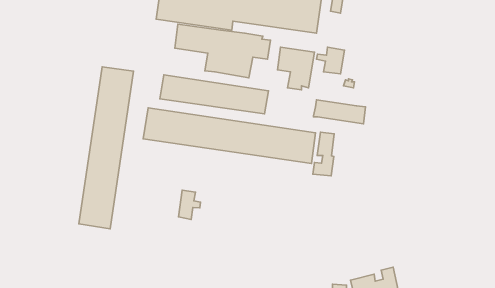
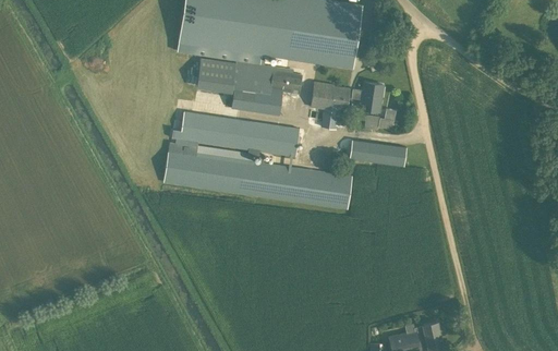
building: [79,67,133,229] -> none
building: [313,132,334,176] -> none
building: [178,190,201,220] -> none

